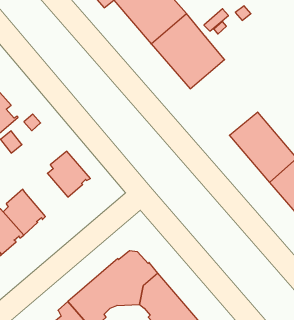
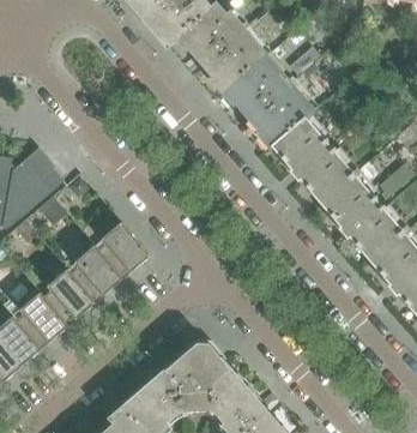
building: none -> [271,109,355,203]
building: none -> [70,246,122,302]

